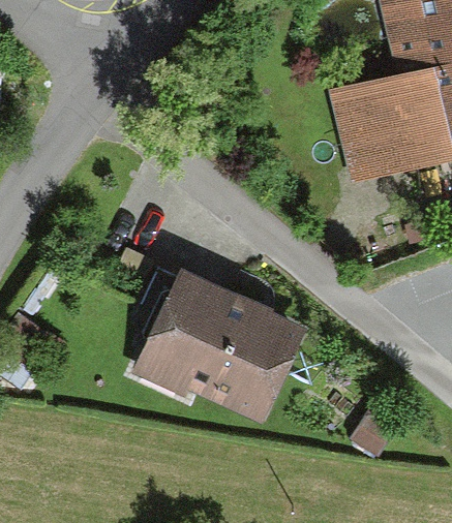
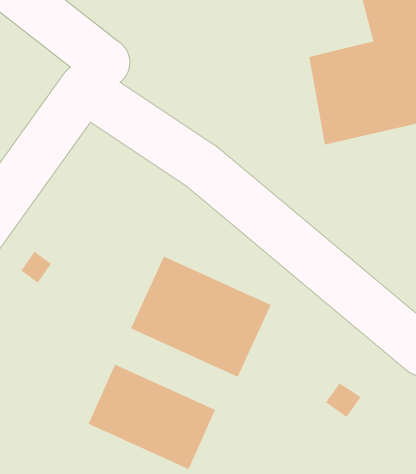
building: none -> [88,364,216,470]

